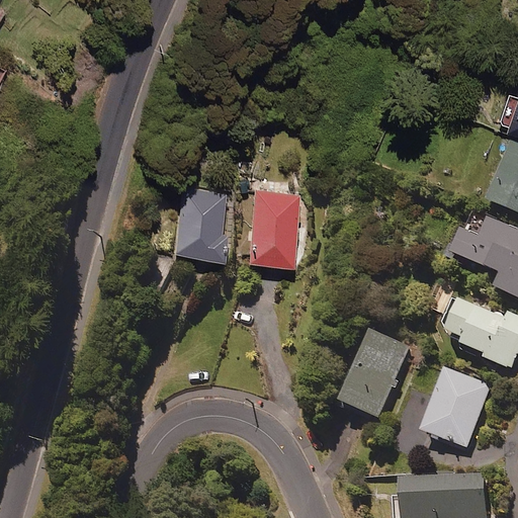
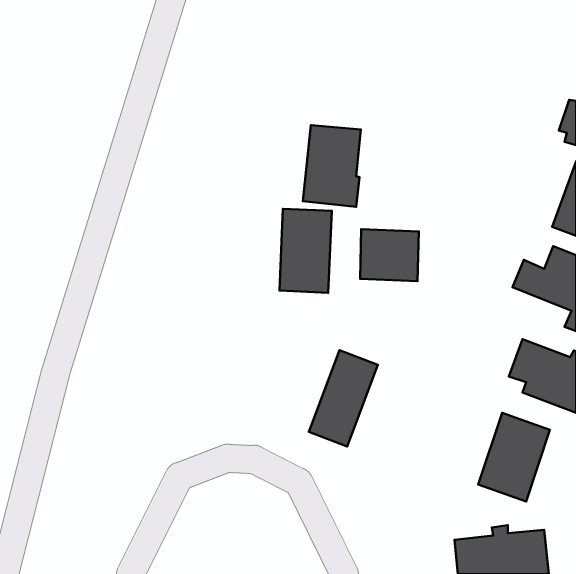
building: [173,183,225,256] -> [303,125,361,207]
building: none -> [360,229,419,281]
building: [347,332,409,418] -> [309,350,378,447]

